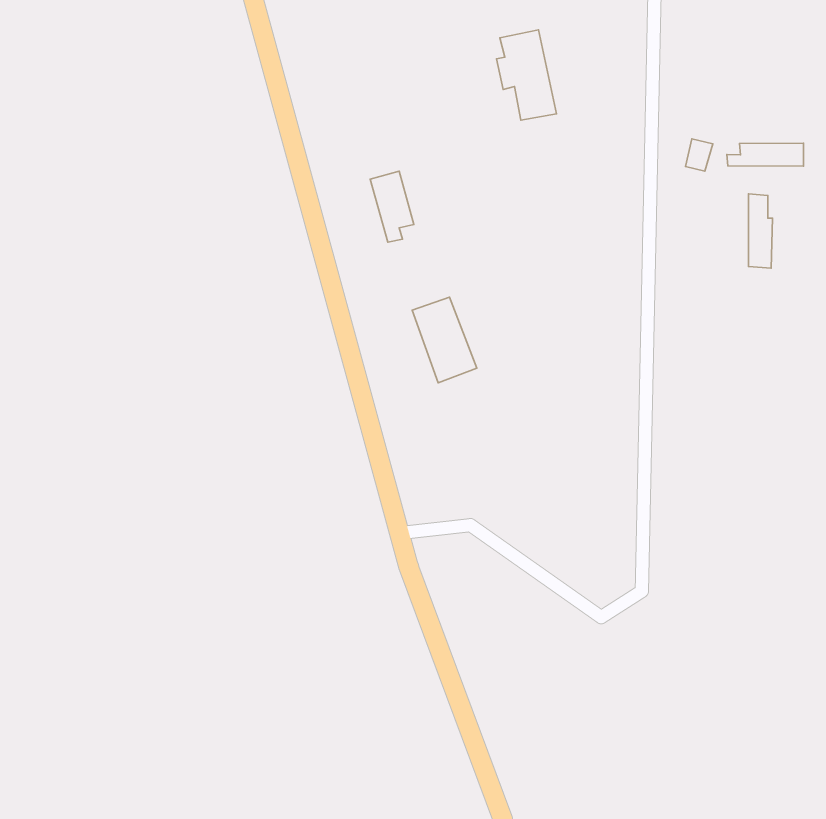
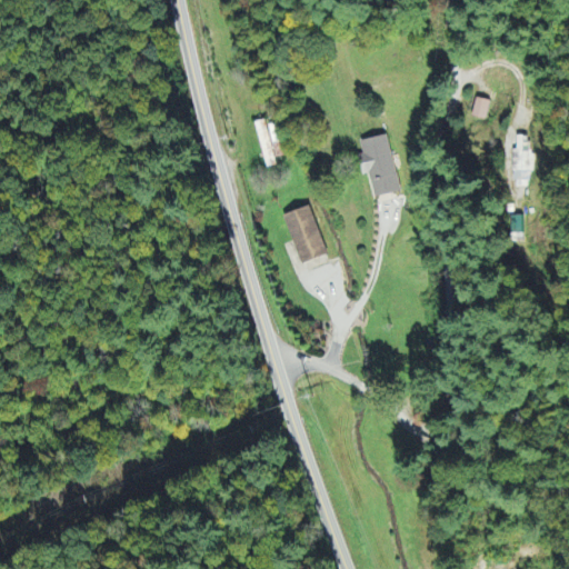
building: [497,30,556,120] -> [358,133,399,196]
building: [727,143,804,166] -> none

